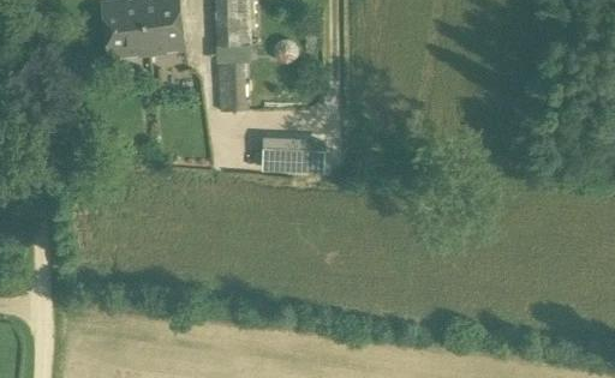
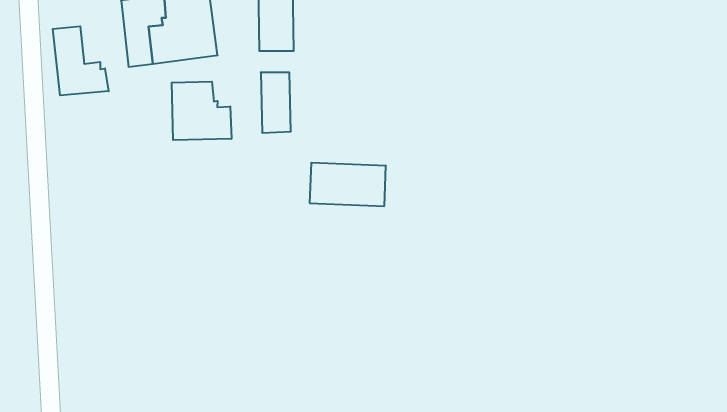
building: none -> [53,26,109,95]
building: none -> [172,82,231,140]

